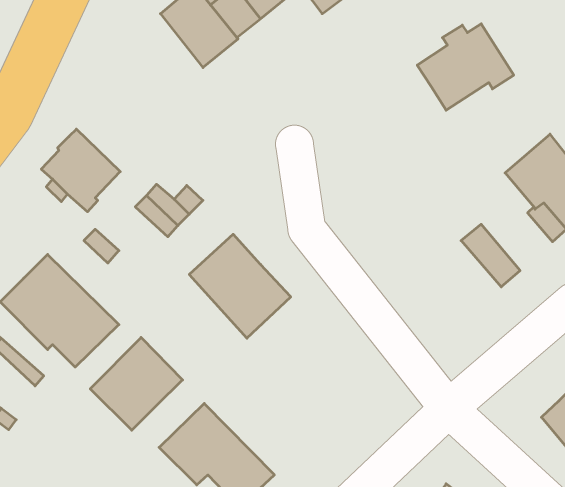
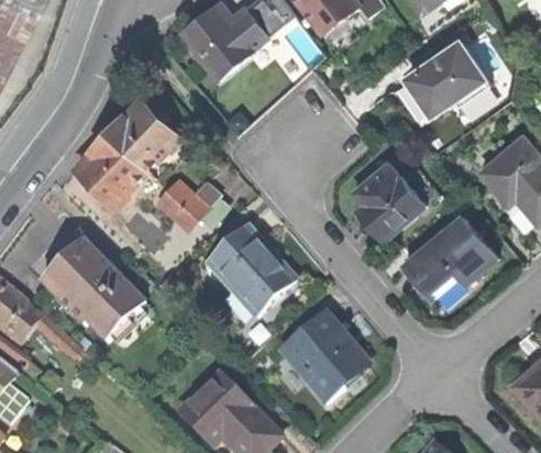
building: none -> [107,99,179,169]
building: none -> [352,163,422,239]
building: none -> [402,230,479,298]
building: none -> [281,311,366,401]
building: [90,337,183,430] -> none

